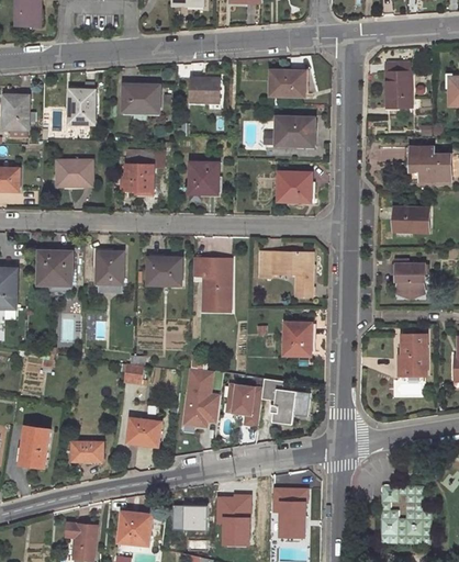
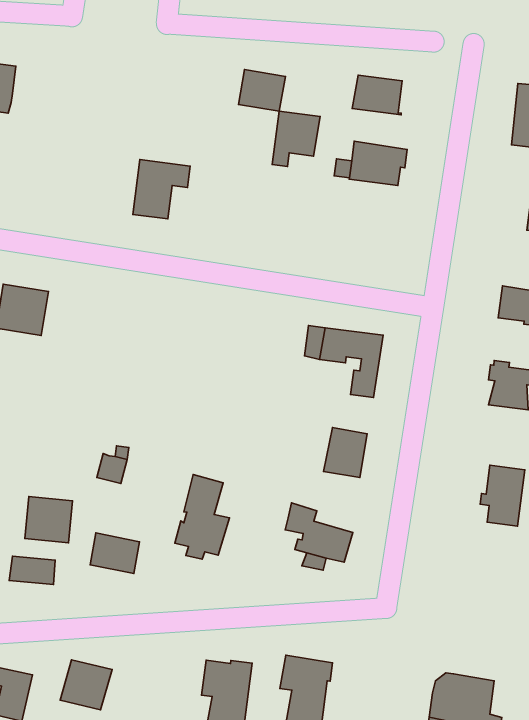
building: [122,86,158,113] -> none
building: [68,89,91,122] -> none
building: [53,160,91,189] -> none
building: [190,162,220,201] -> [272,111,320,167]
building: [277,172,310,202] -> none
building: [94,252,122,284] -> none
building: [147,258,180,285] -> none
building: [191,258,229,311] -> none
building: [227,386,262,428] -> none
building: none -> [25,497,72,543]
building: [173,504,208,530] -> none

